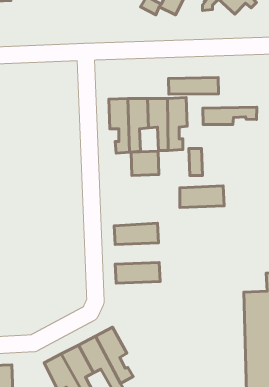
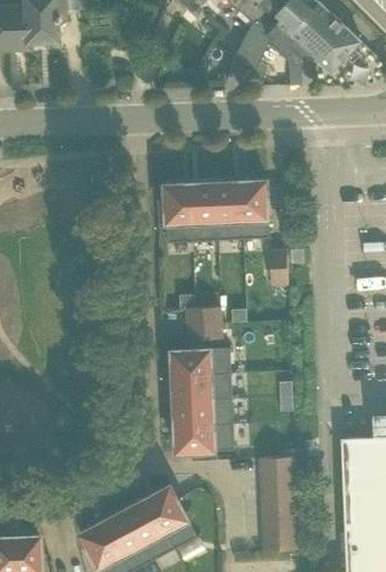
building: [169,78,218,94] -> none
building: [203,107,257,125] -> none
building: [131,151,159,175] -> [185,306,222,338]
building: [180,186,224,207] -> [172,373,230,401]
building: none -> [173,424,233,451]
building: none -> [259,456,297,549]

